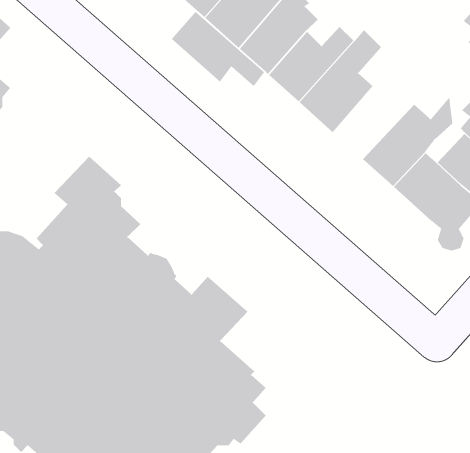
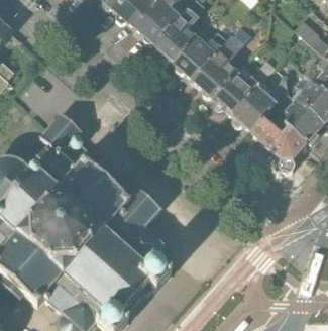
building: [171,11,265,87] -> none
building: none -> [213,63,267,115]

